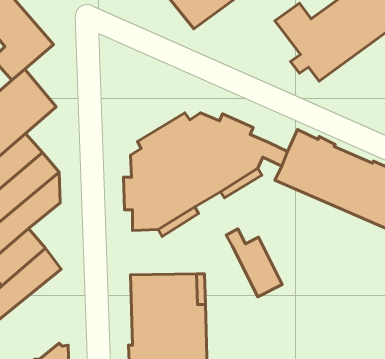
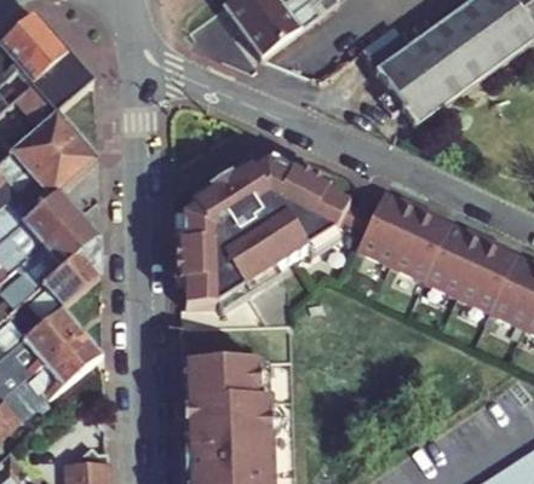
building: [226,229,282,297] -> none

